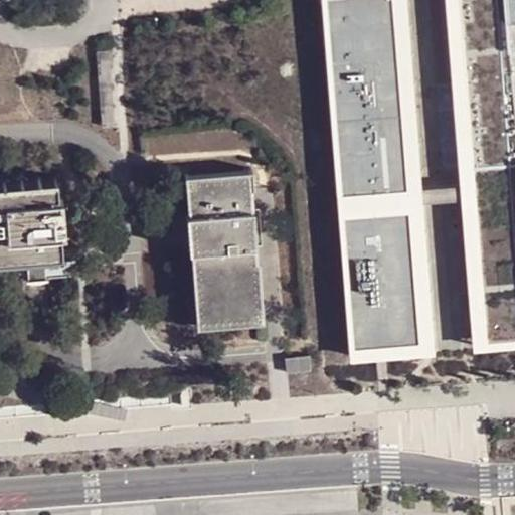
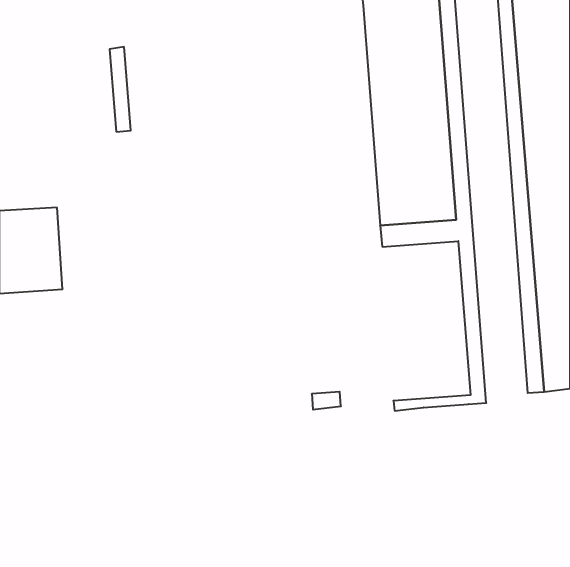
building: [180,175,260,331] -> none
building: [344,217,423,361] -> none

